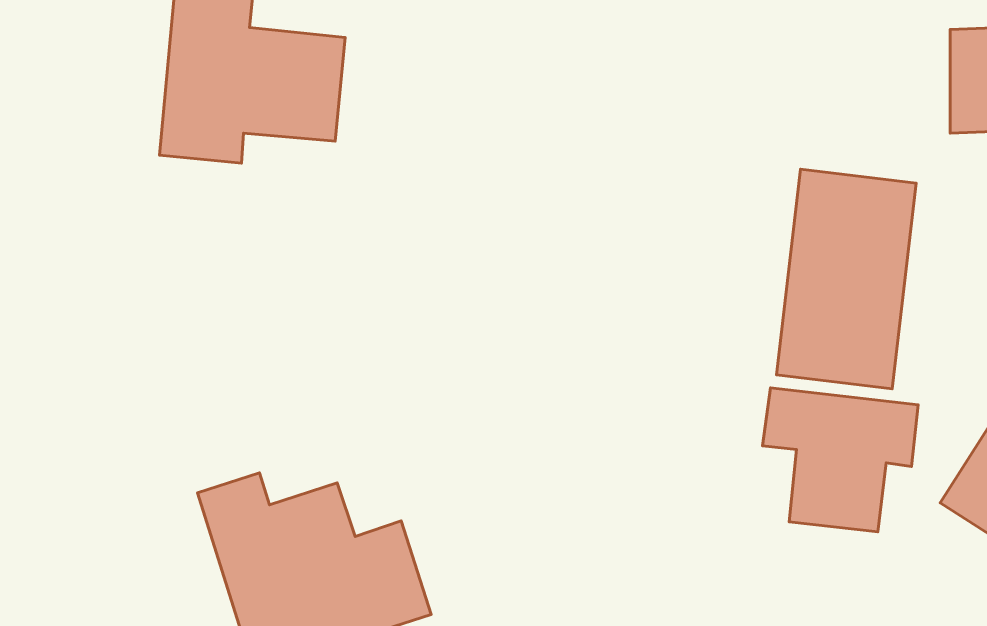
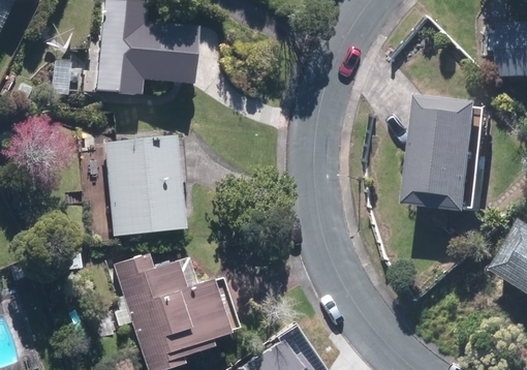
building: none -> [105,138,180,235]
building: [763,388,918,532] -> none

